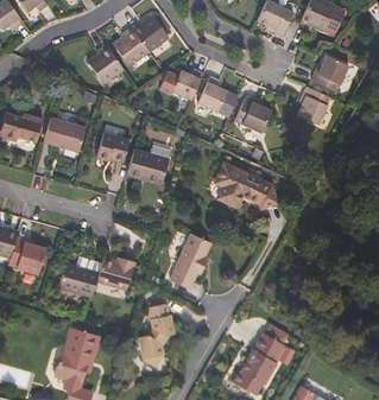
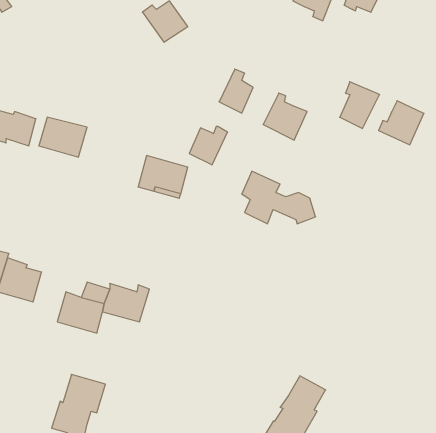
building: [114,27,149,66] -> none
building: [87,44,121,82] -> none
building: [309,55,347,91] -> [379,101,424,145]
building: [170,68,202,100] -> [189,126,228,165]
building: [97,131,130,158] -> none
building: [172,233,211,287] -> none
building: [141,301,176,364] -> none

